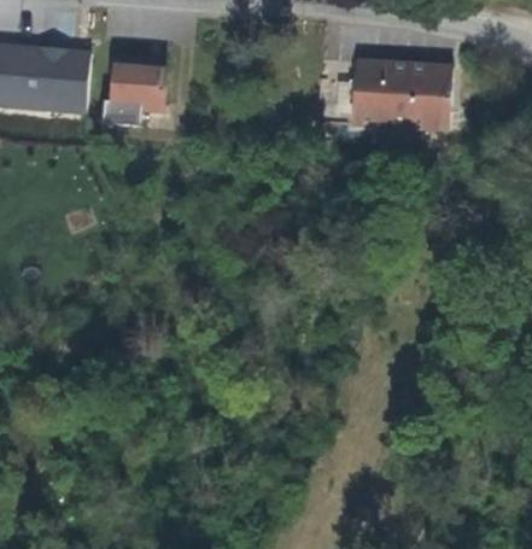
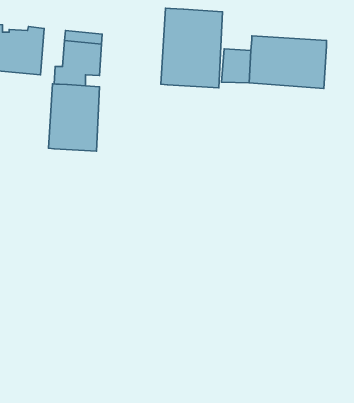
building: none -> [161,8,223,88]
building: none -> [49,84,100,151]

